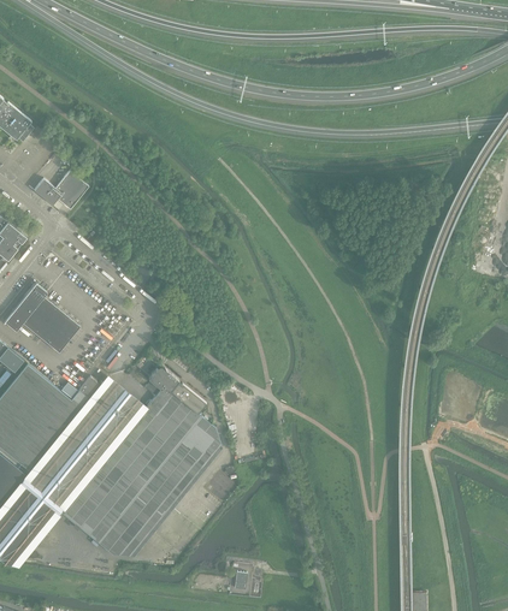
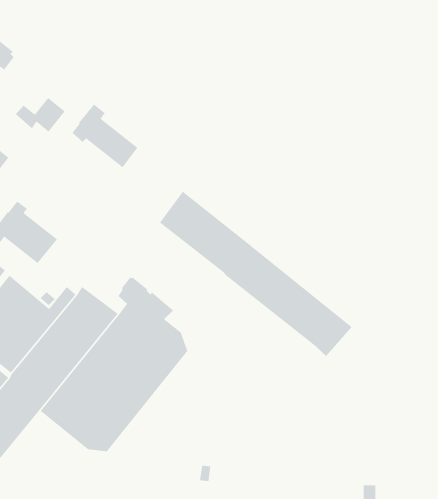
building: none -> [72,103,138,168]
building: none -> [159,191,353,357]

